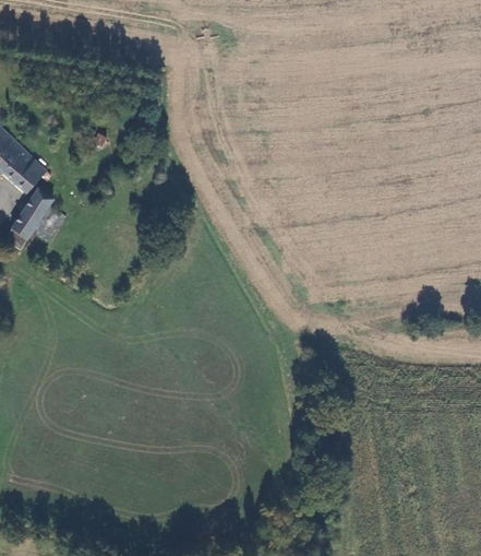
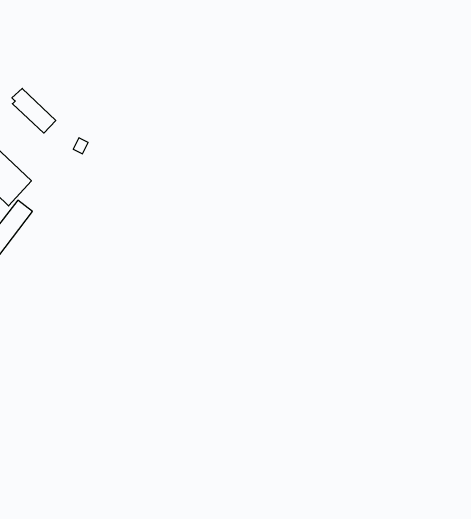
building: none -> [12,88,56,133]

